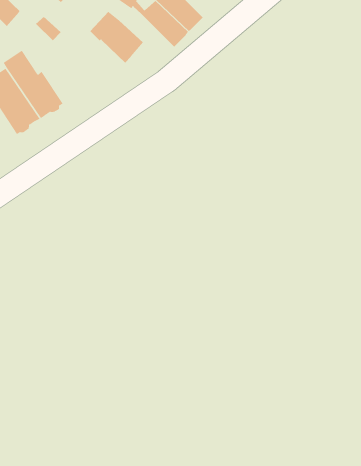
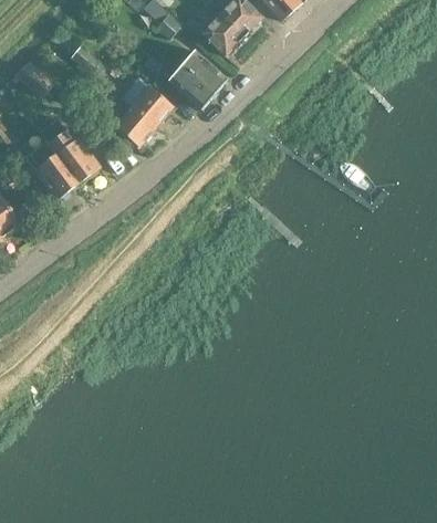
building: none -> [115,105,157,146]

